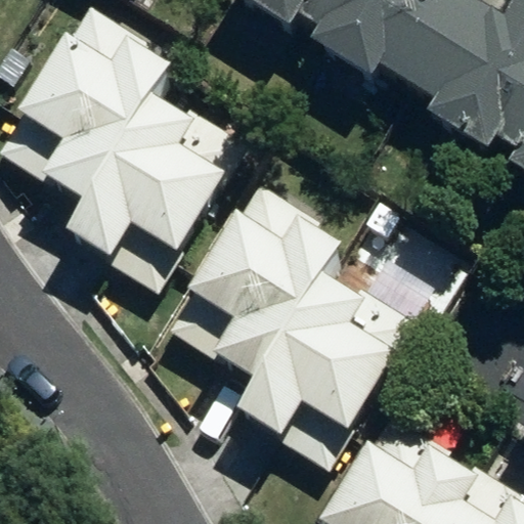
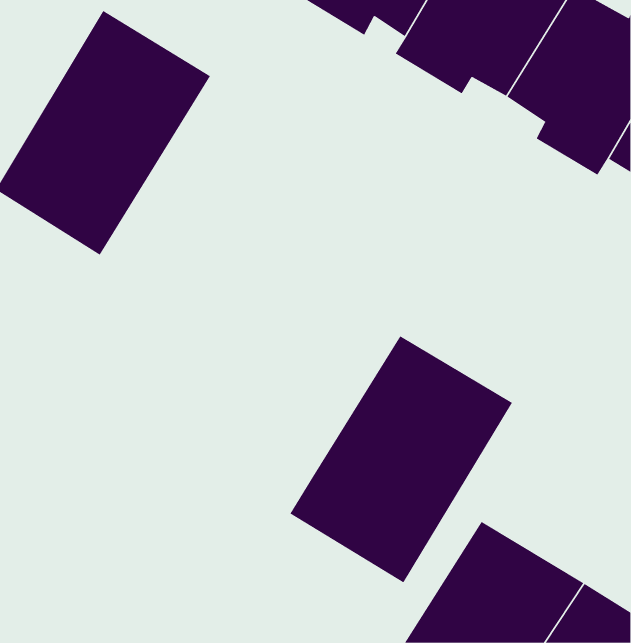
building: [63,88,244,290] -> none
building: [168,187,341,384] -> none

